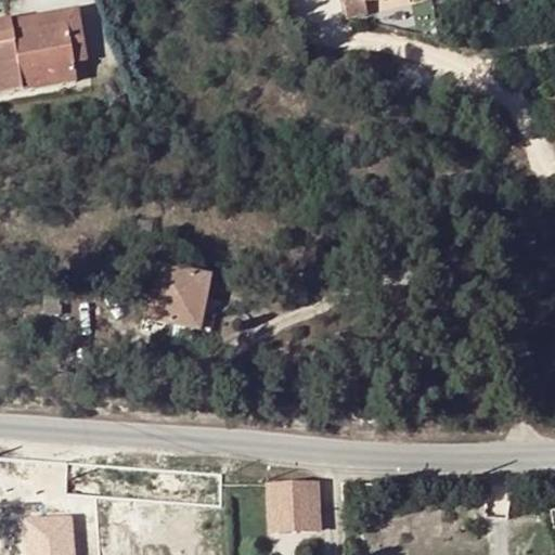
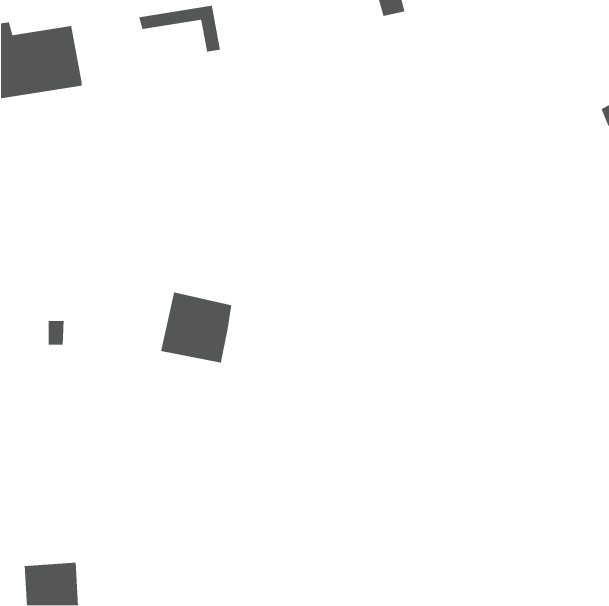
building: [11,9,86,52] -> [138,5,221,53]
building: [269,482,318,530] -> none

